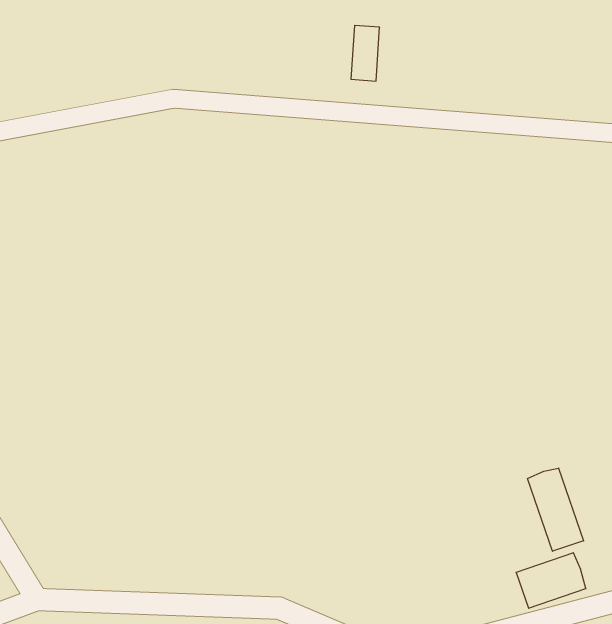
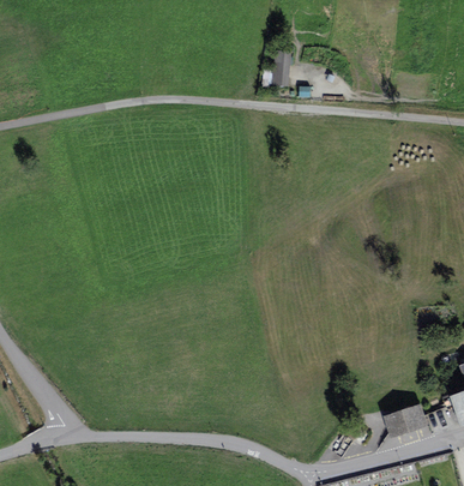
building: [528,468,584,551] -> none

